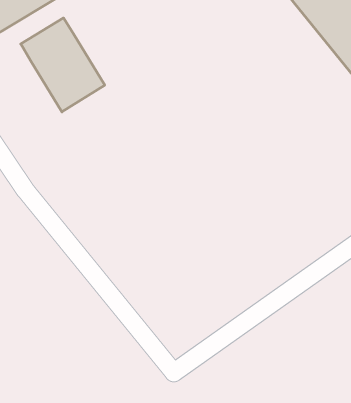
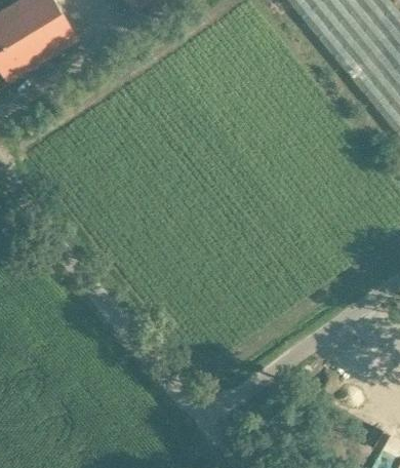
building: [21,18,105,112] -> none

